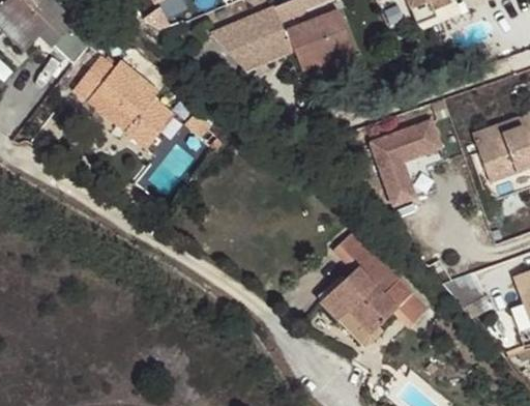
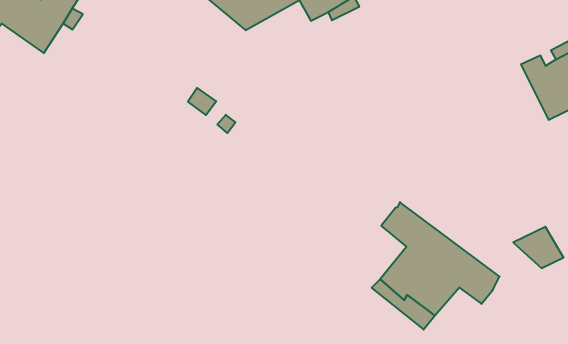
building: [72,56,175,148] -> none
building: [373,118,438,200] -> none

